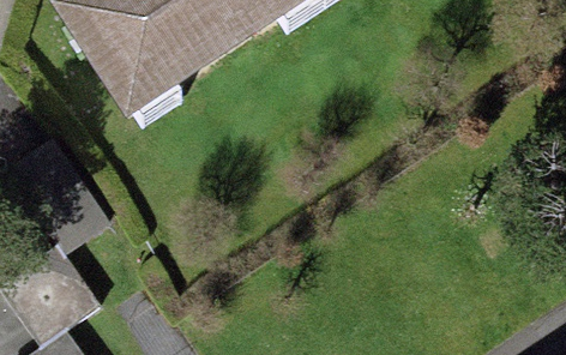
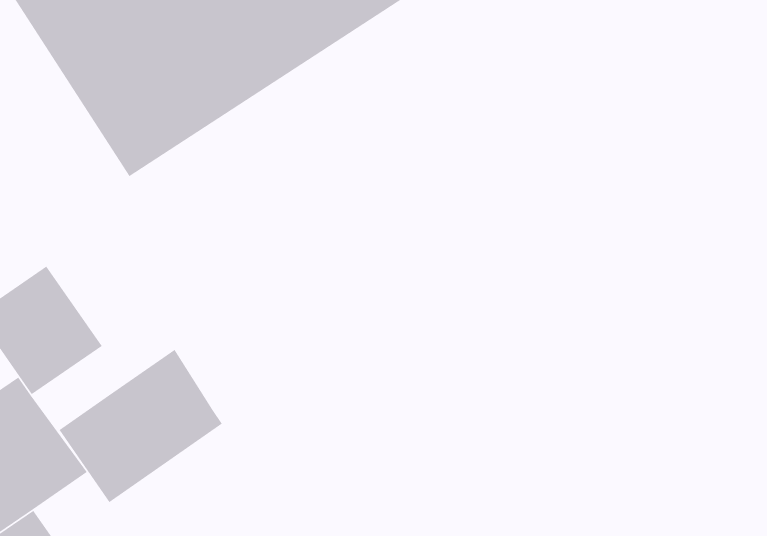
building: none -> [59,349,223,503]

